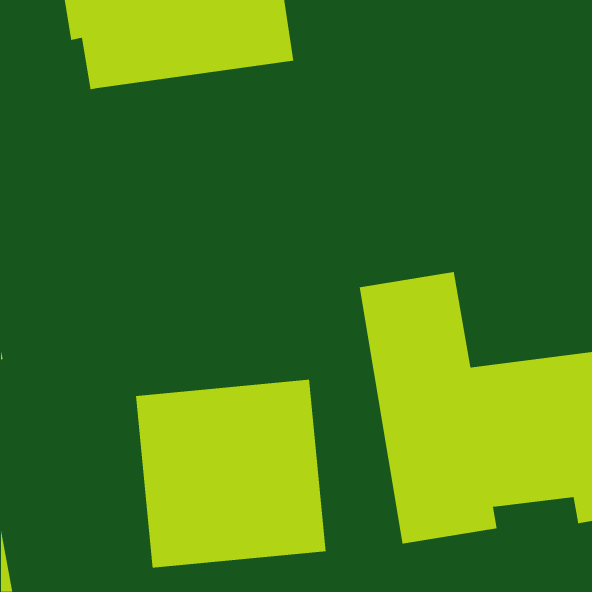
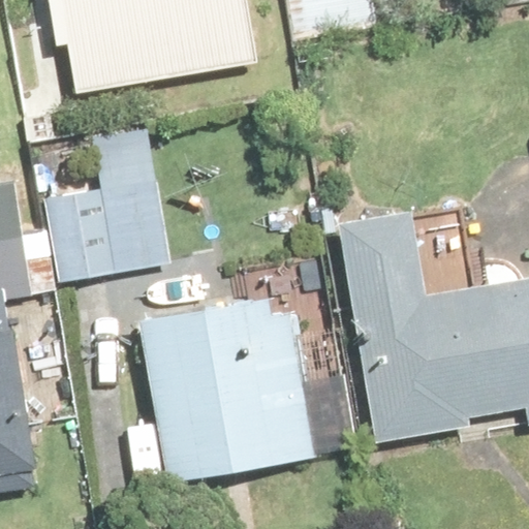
building: none -> [42,158,165,307]

